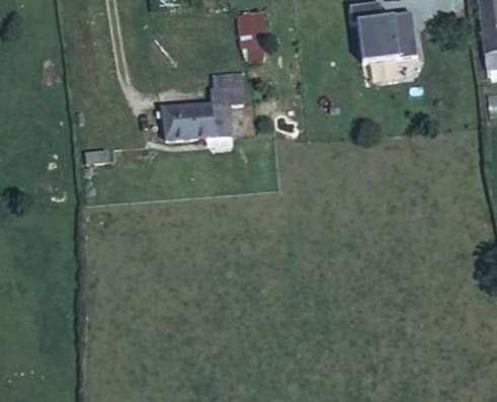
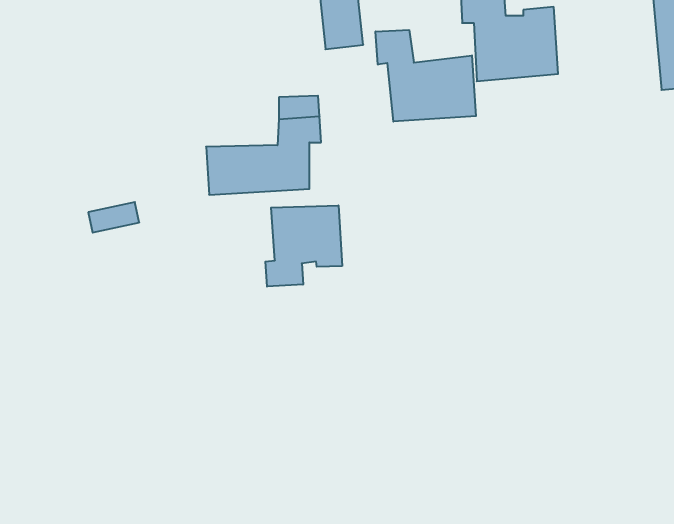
building: none -> [376,30,476,122]
building: none -> [265,205,342,287]

